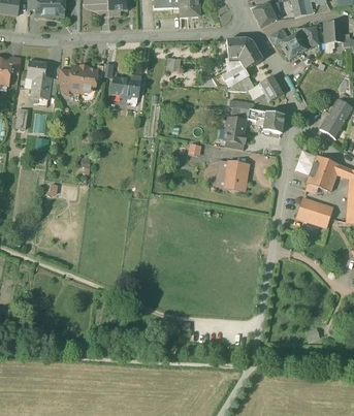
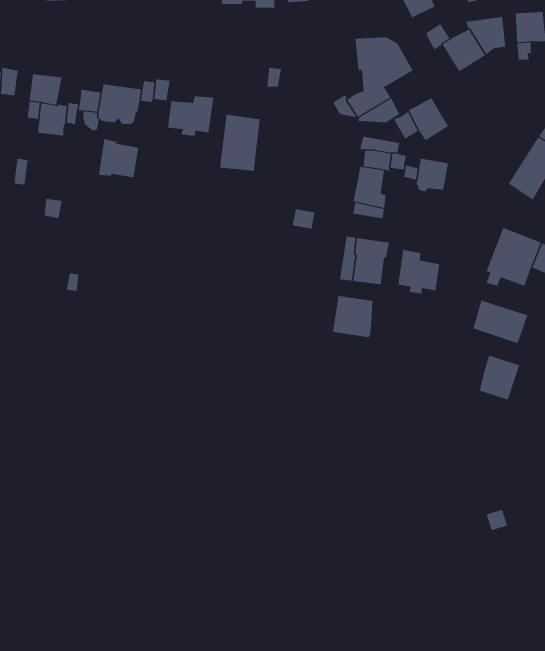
building: none -> [219,114,260,172]
building: none -> [99,139,139,178]
building: none -> [398,249,440,294]
building: none -> [333,295,374,338]
building: none -> [479,355,520,401]

